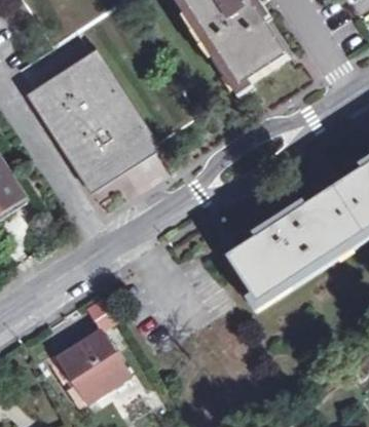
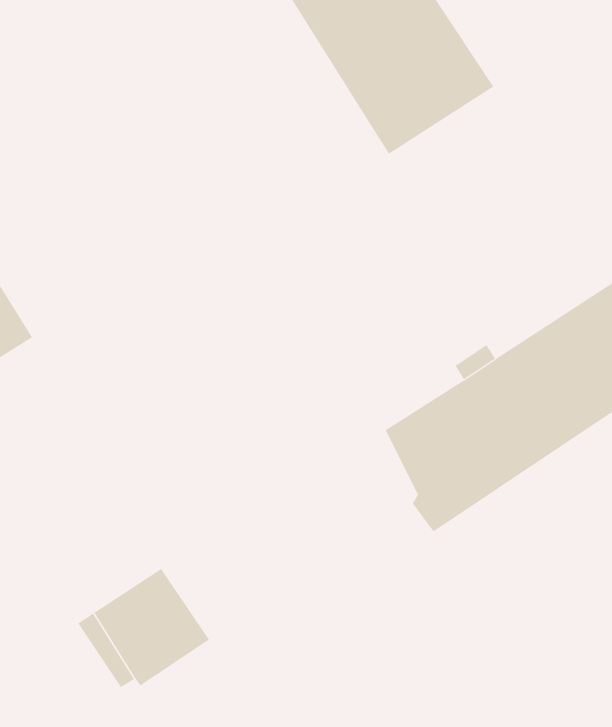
building: [24,50,160,192] -> none

